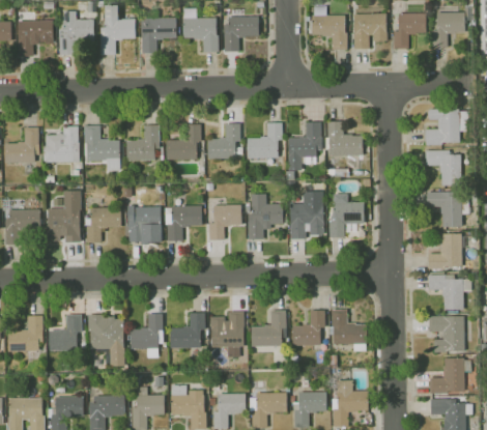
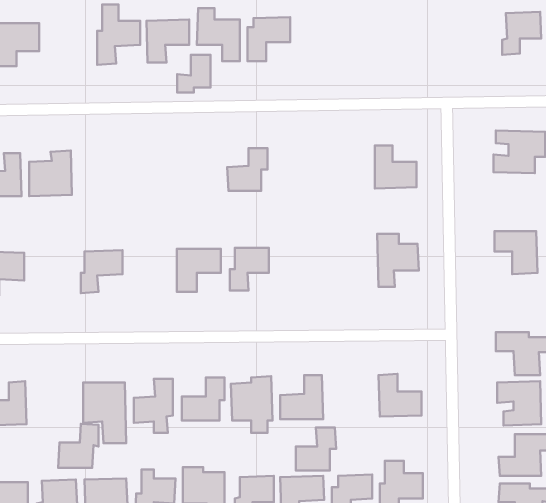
building: [312,6,346,50] -> none
building: [59,11,94,55] -> none
building: [353,13,386,49] -> none
building: [393,13,426,49] -> none
building: none -> [177,55,211,92]
building: [247,122,283,159] -> none
building: [288,122,320,171] -> none
building: [166,124,201,160] -> none
building: [85,125,120,171] -> none
building: [126,125,160,161] -> none
building: [426,150,461,185] -> none
building: [48,191,81,242] -> none
building: [289,191,324,238] -> none
building: [248,194,283,239] -> none
building: [125,207,161,241] -> none
building: [428,233,462,268] -> none
building: [292,310,325,345] -> [296,427,336,470]
building: [49,314,82,350] -> [58,424,99,468]

